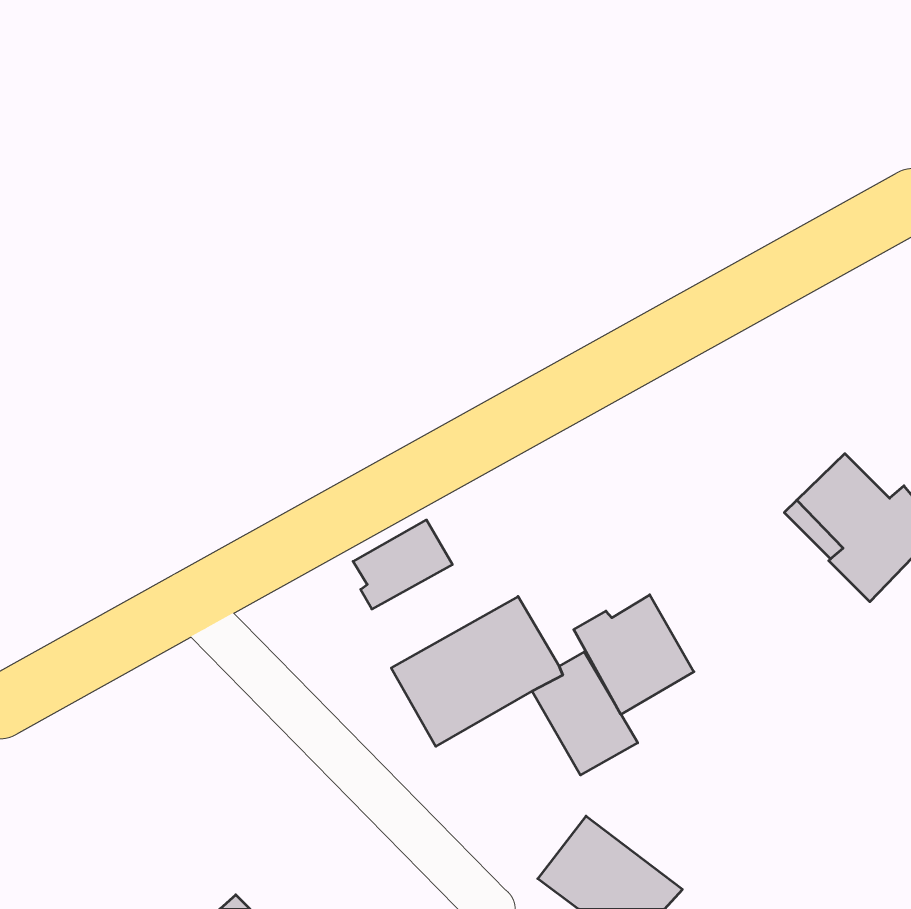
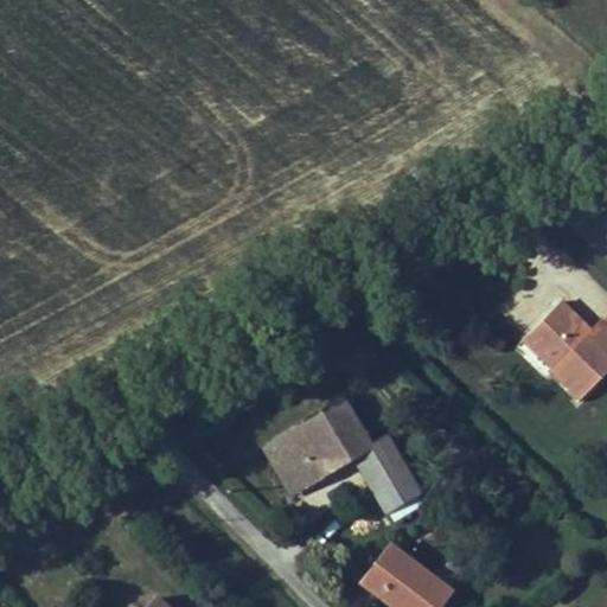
building: [353,520,452,609] -> none
building: [574,595,694,714] -> none

